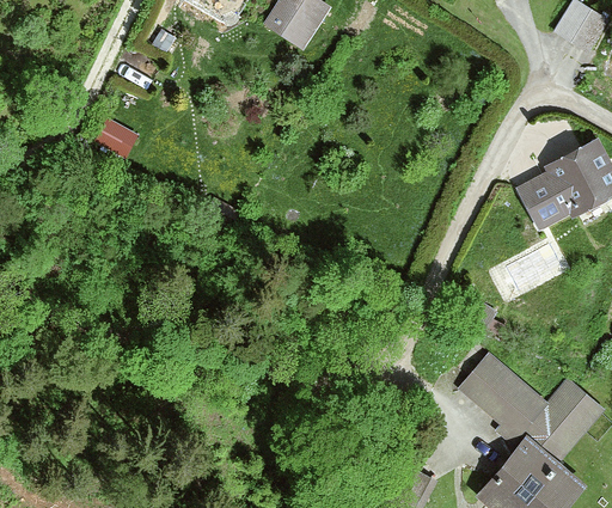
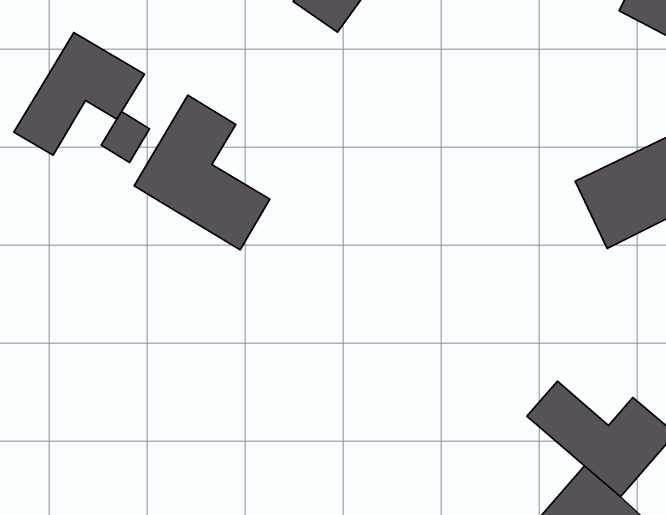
building: none -> [14,32,144,155]
building: none -> [134,95,270,250]

